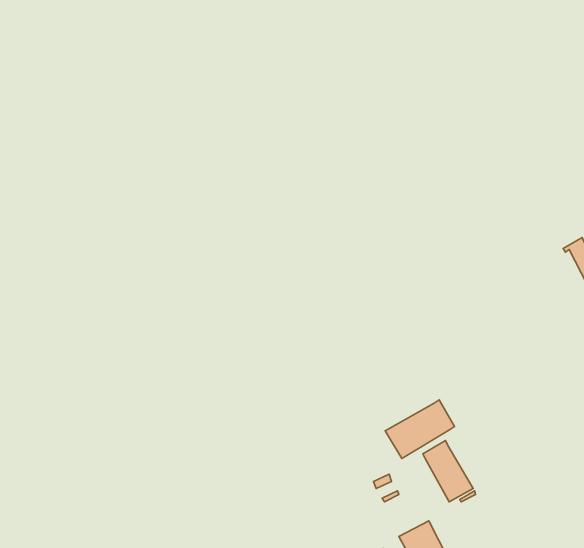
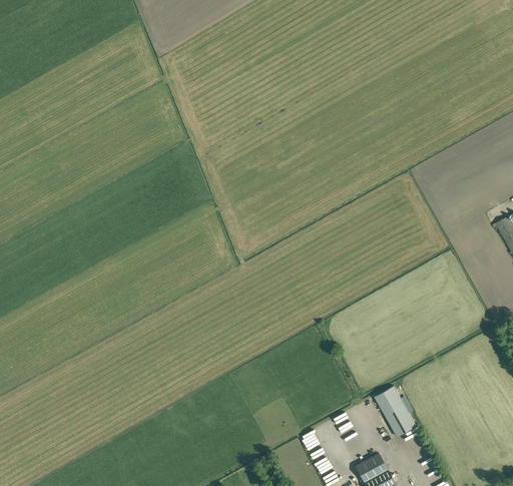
building: [385,400,455,458] -> none

